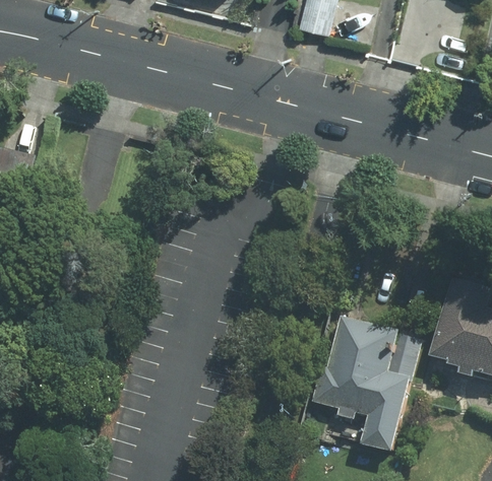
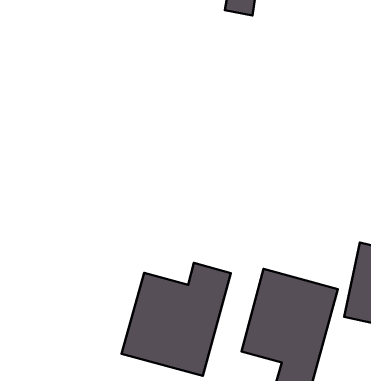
building: none -> [122,263,231,376]

